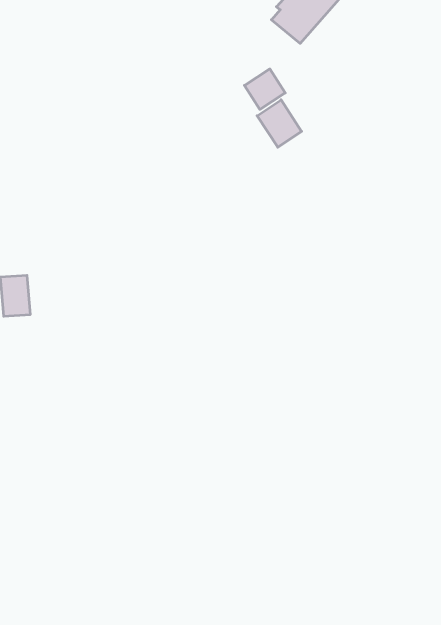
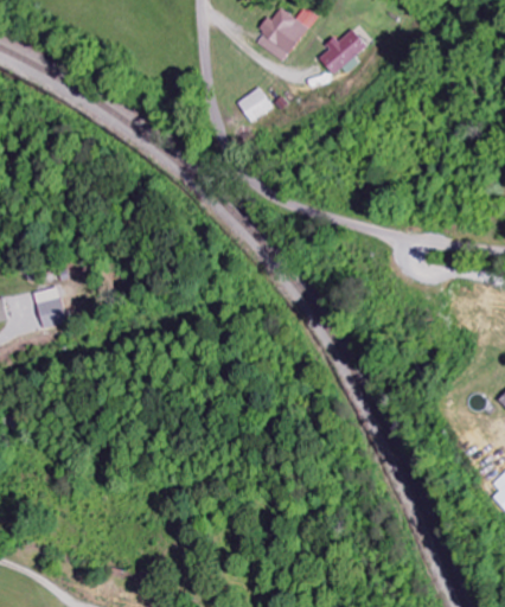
building: none -> [315,27,366,75]
building: [257,100,302,147] -> none

